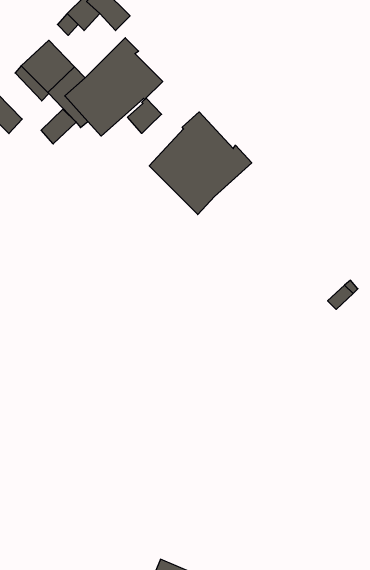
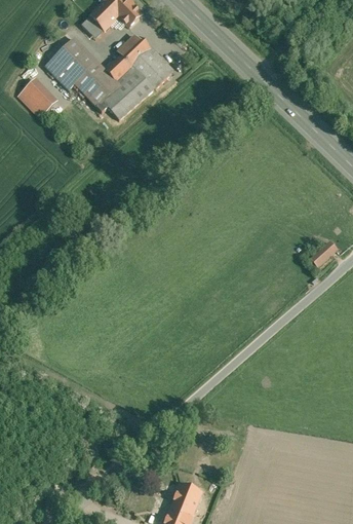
building: [128,98,162,133] -> none
building: [41,109,76,144] -> none
building: [149,112,252,215] -> none

